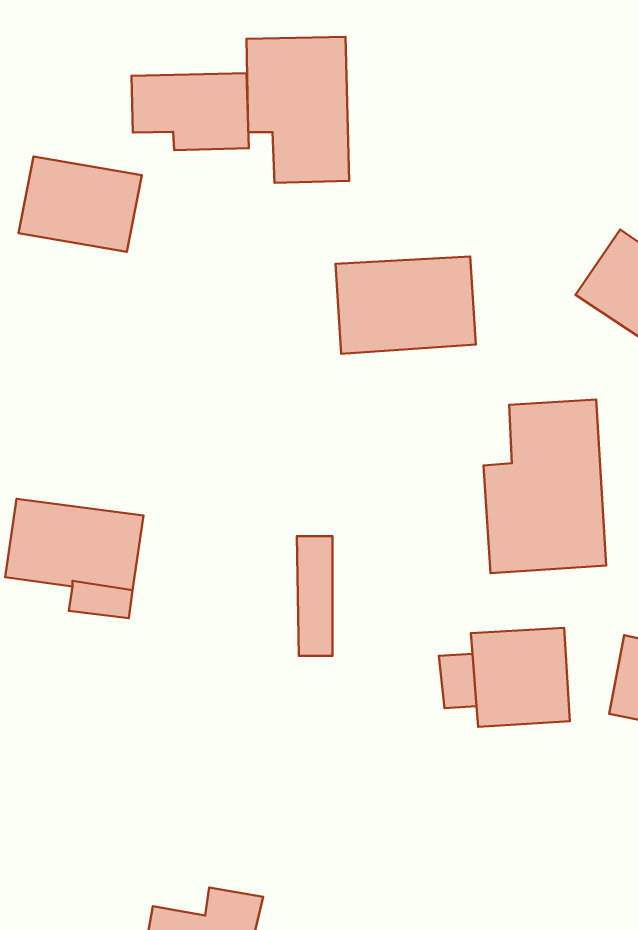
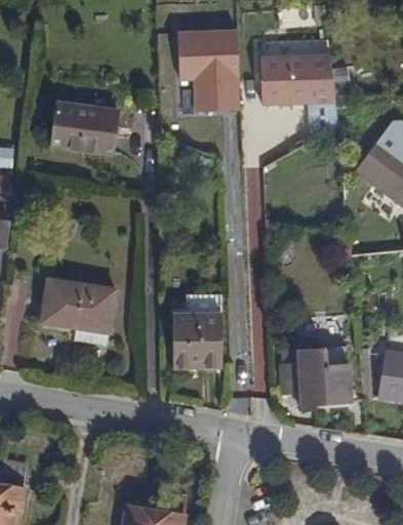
building: [132,73,249,150] -> none
building: [336,256,476,354] -> [258,49,335,103]
building: [484,400,606,573] -> none
building: none -> [175,301,206,368]

